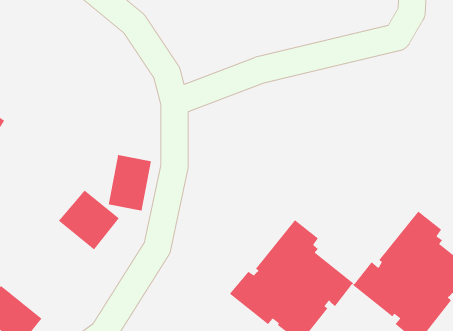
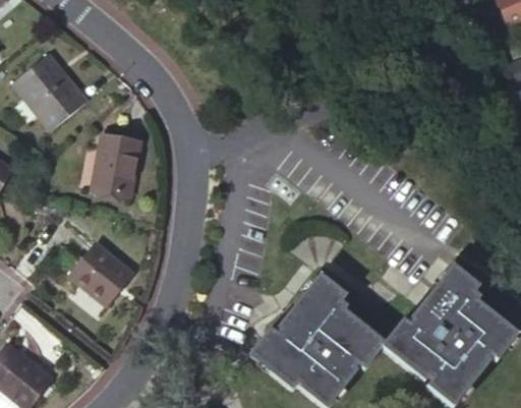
building: none -> [13,52,90,131]
building: [108,154,152,211] -> [94,134,140,195]

